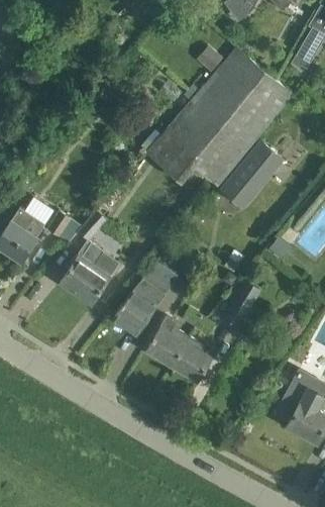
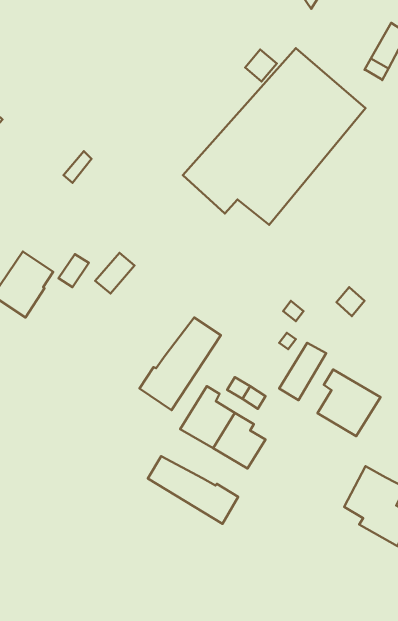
building: [220,140,286,211] -> none
building: [61,242,119,303] -> none
building: none -> [318,370,380,436]
building: none -> [148,456,238,524]

